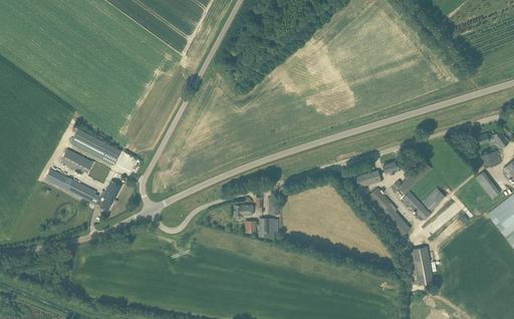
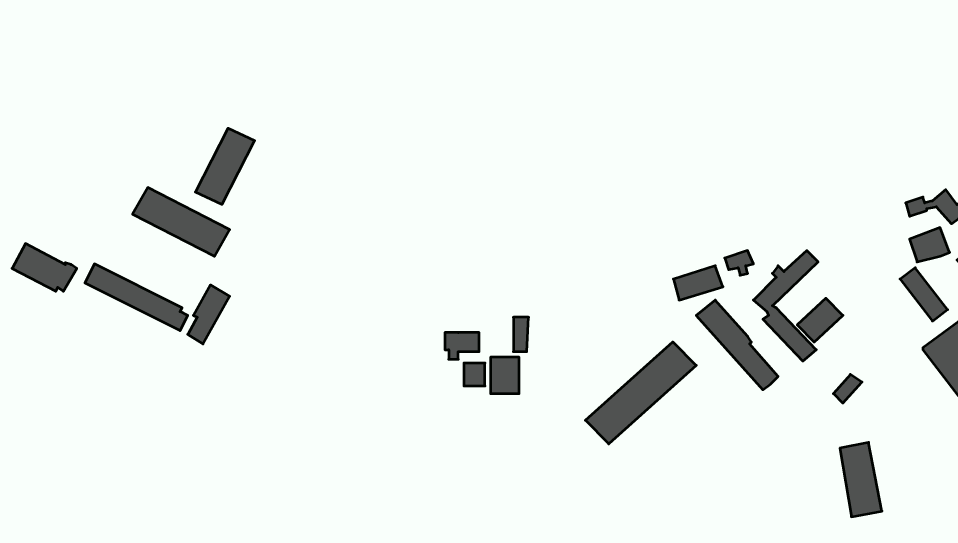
building: none -> [195,128,255,204]
building: [61,149,95,175] -> [12,244,77,291]
building: none -> [585,342,696,444]
building: [413,247,435,286] -> [840,442,882,517]

